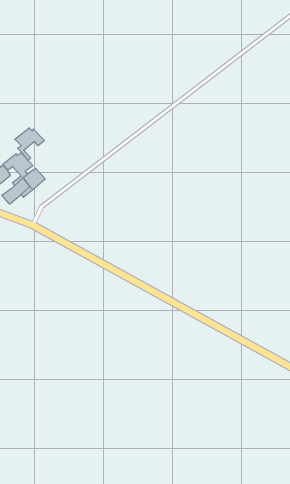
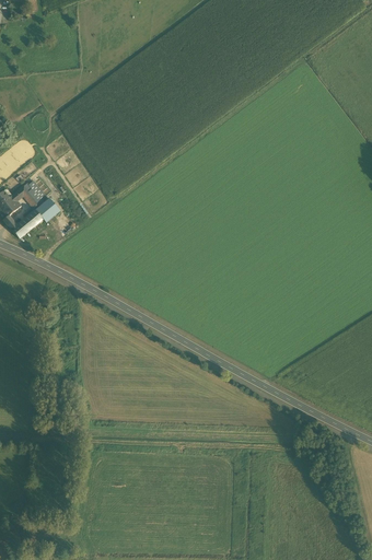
building: [15,128,44,160] -> none

